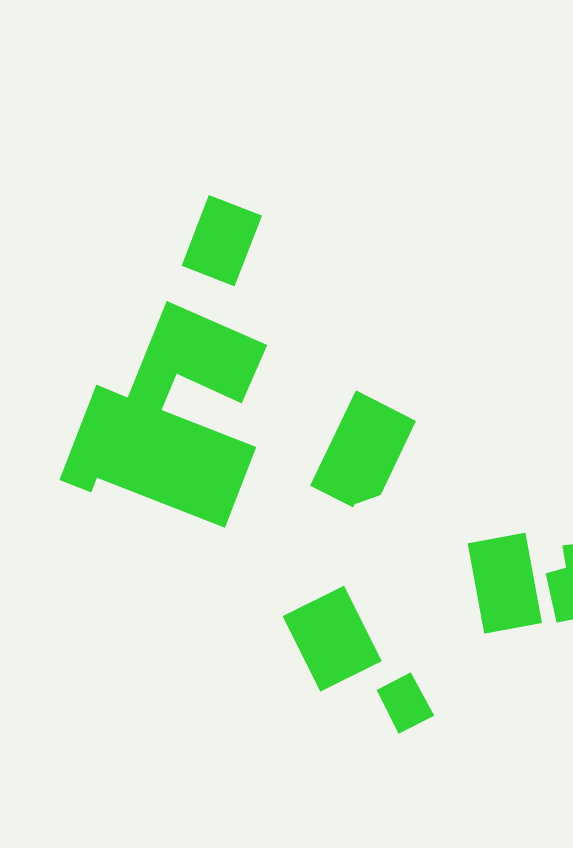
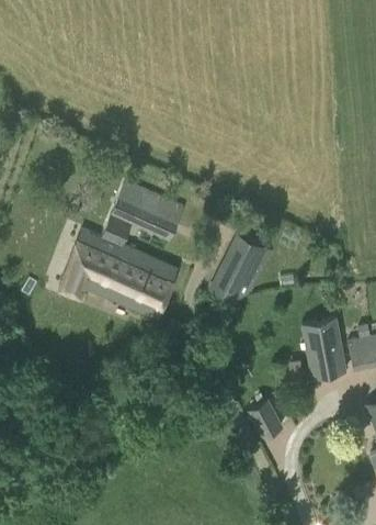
building: [181,194,263,287] -> none
building: [282,585,382,692] -> none

